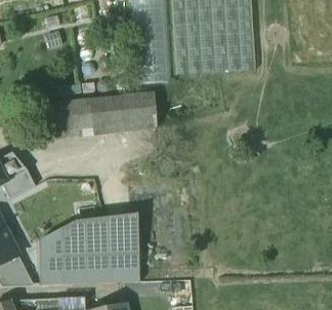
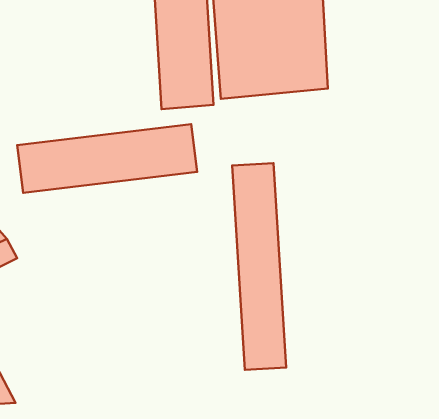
building: none -> [232,163,286,370]
building: [38,215,139,284] -> none

